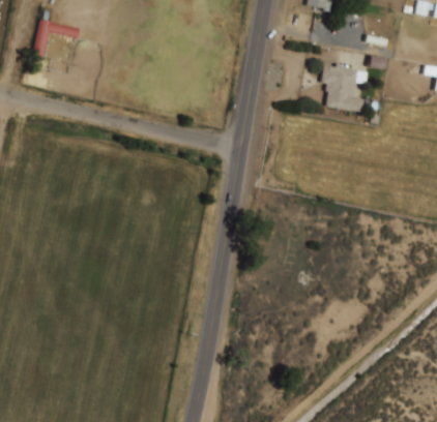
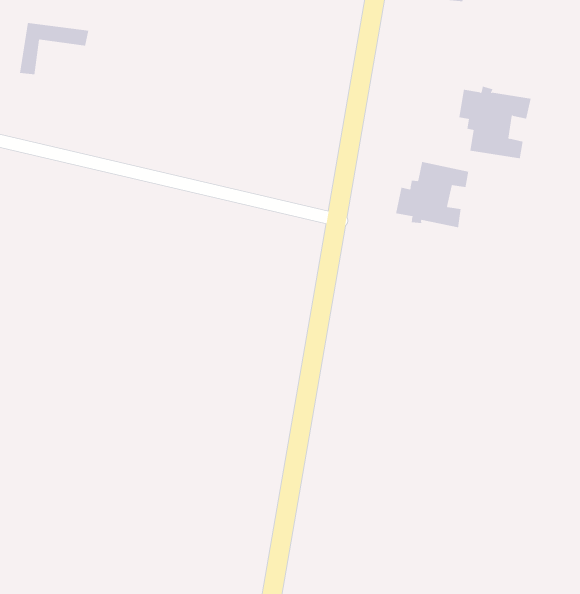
building: none -> [396,161,469,228]

